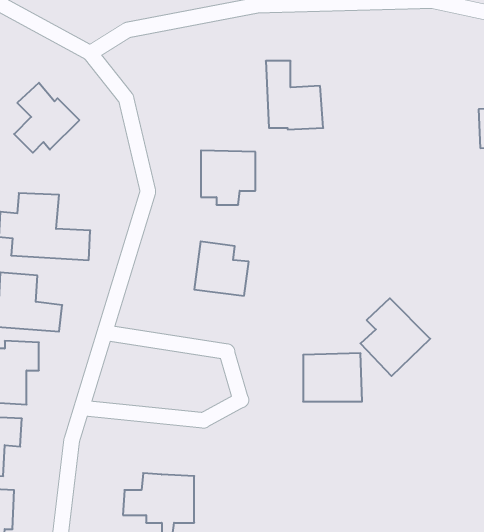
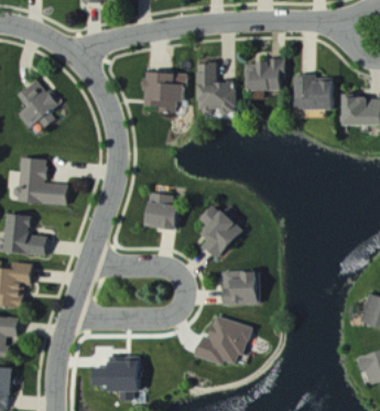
building: none -> [243,60,285,90]
building: none -> [292,75,337,109]
building: [201,150,255,205] -> [146,72,185,110]
building: [360,298,430,376] -> [194,203,243,258]
building: none -> [195,315,250,365]

